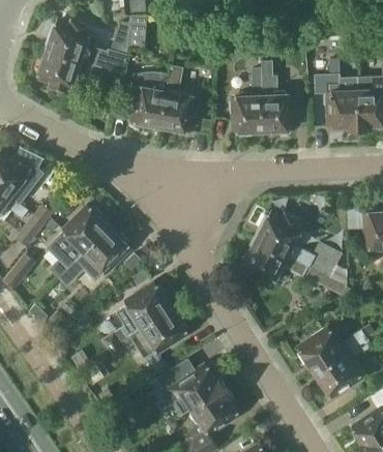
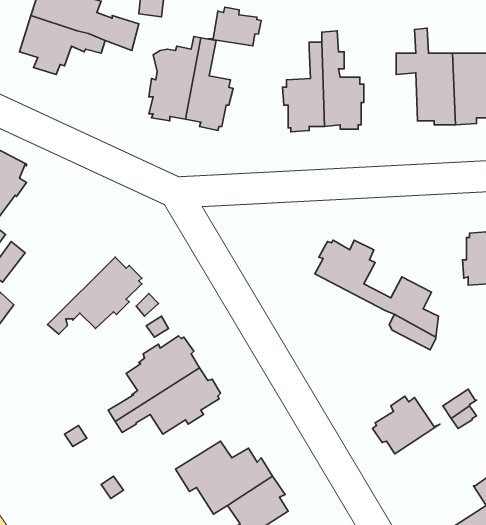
building: none -> [208,7,261,46]
building: [49,206,109,275] -> none
building: [241,238,307,283] -> none
building: [315,349,363,394] -> none

